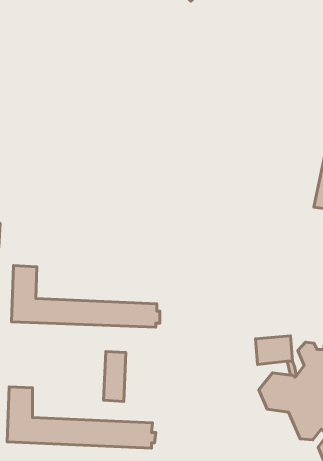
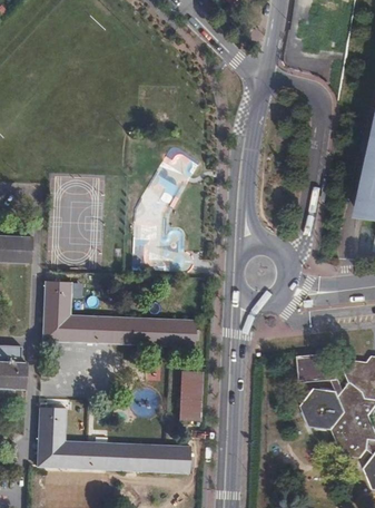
building: [104,351,126,401] -> [179,368,203,420]

